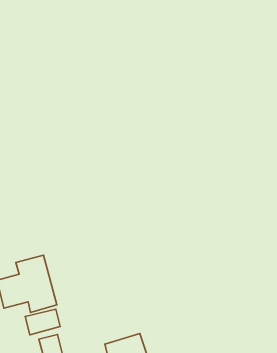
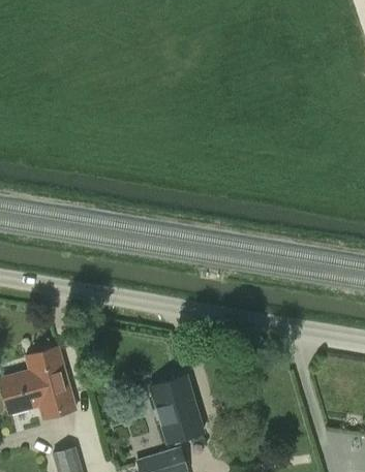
building: none -> [150,376,204,444]
building: [25,309,60,335] -> none

